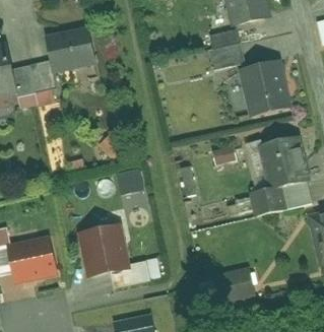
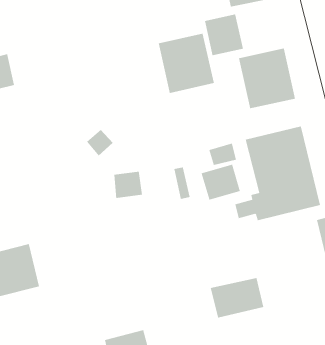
building: [30,24,98,91] -> none
building: none -> [158,33,215,94]
building: none -> [201,164,241,200]
building: [78,219,153,287] -> none

